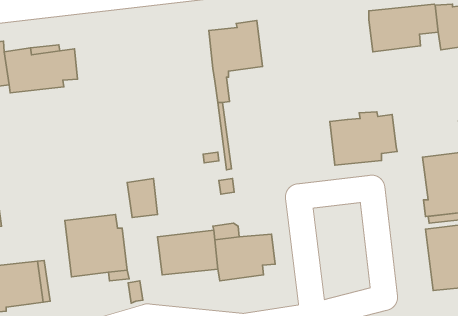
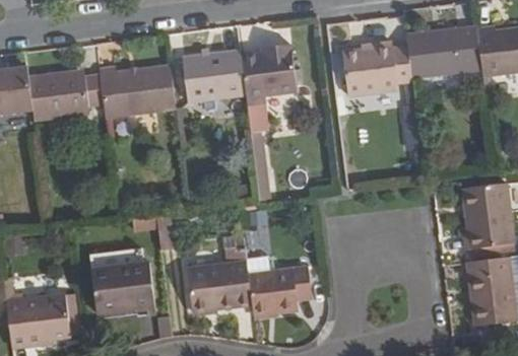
building: none -> [182,51,245,100]
building: none -> [99,65,176,117]
building: [330,112,397,165] -> [342,41,412,96]

